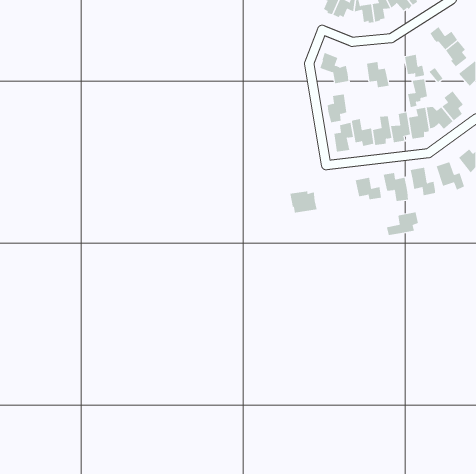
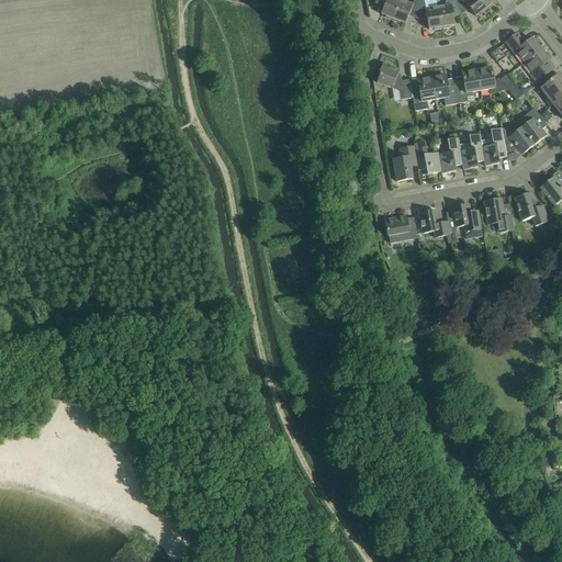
building: [407,79,428,108] -> [456,67,480,101]
building: [327,94,347,123] -> [411,75,435,109]
building: [289,191,317,213] -> [384,214,417,240]
building: [386,211,420,236] -> none

